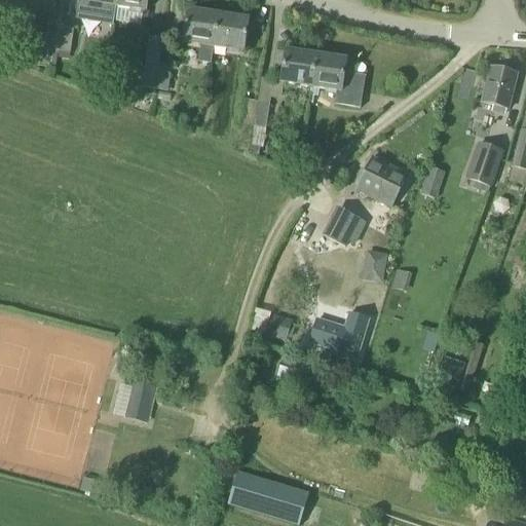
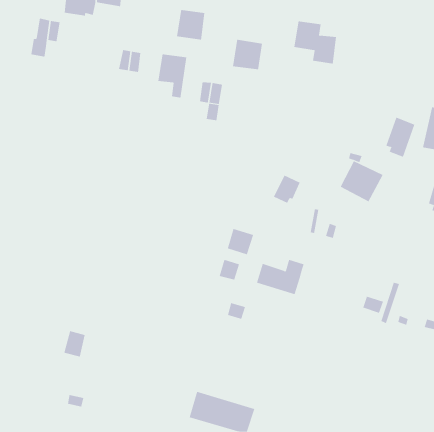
building: [183,7,219,61] -> [157,54,187,98]
building: [313,52,366,105] -> [293,21,337,64]
building: [483,67,517,107] -> none
building: [356,155,409,205] -> [340,160,383,202]
building: none -> [227,228,254,255]
building: [128,380,155,412] -> [63,331,86,357]

